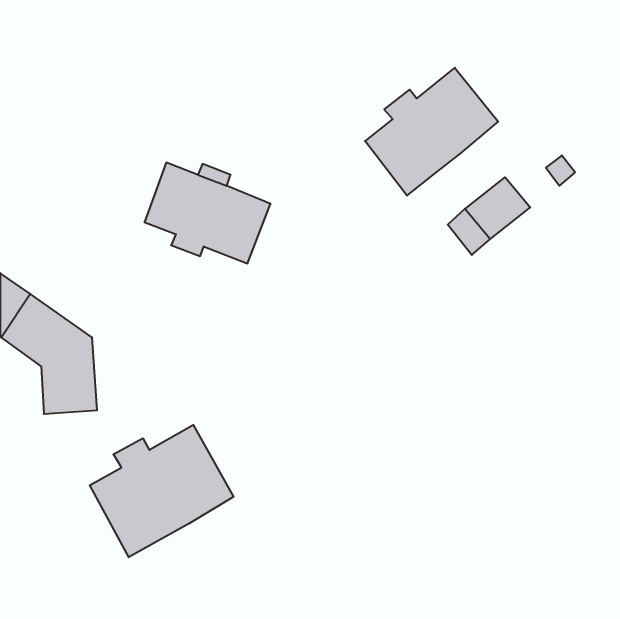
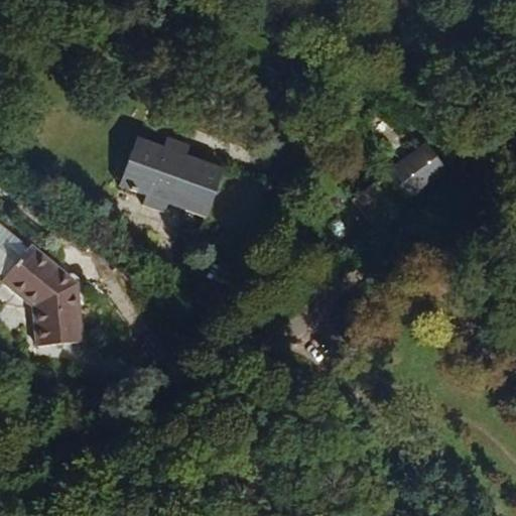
building: [365,68,498,196] -> none
building: [90,425,234,557] -> none

